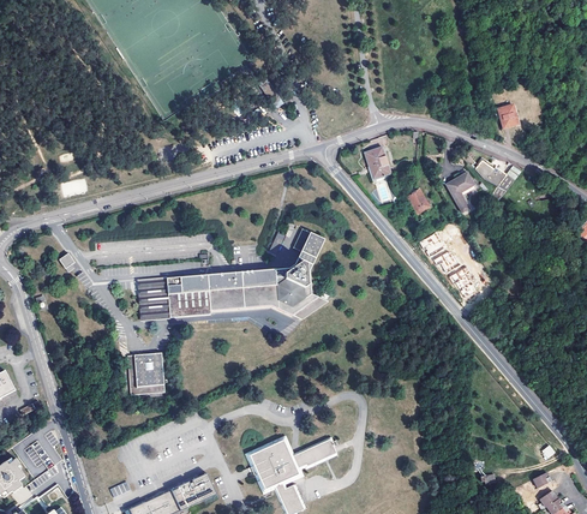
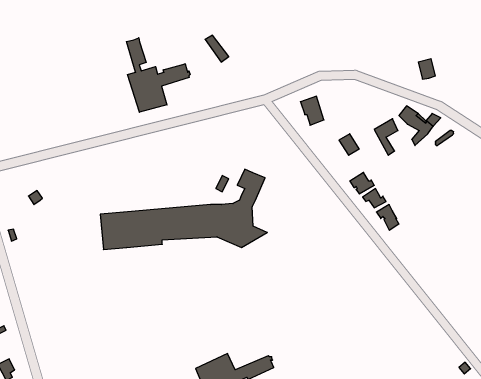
building: none -> [126,38,190,112]
building: [125,351,163,394] -> none

